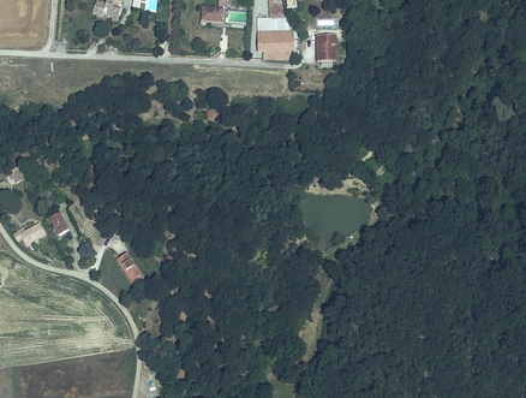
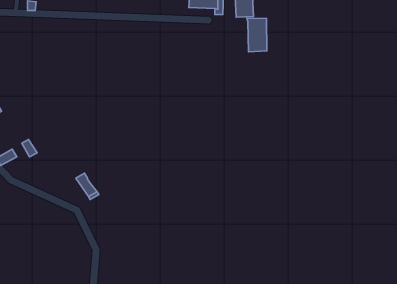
building: none -> [247,18,267,52]

